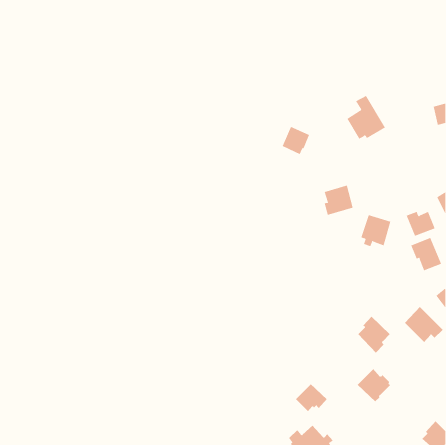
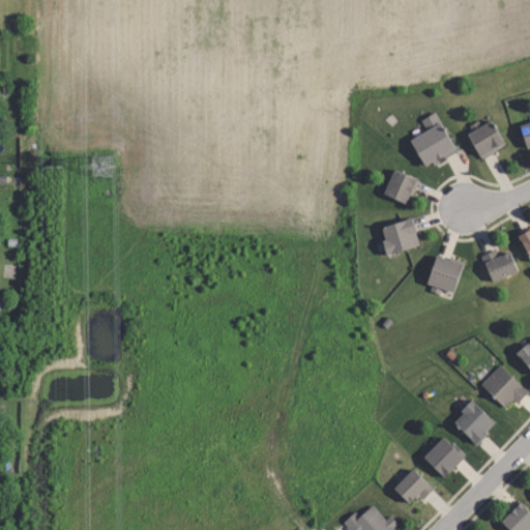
building: none -> [469,121,505,159]
building: [282,126,310,155] -> [384,170,417,204]
building: [410,237,442,271] -> none
building: [357,316,391,353] -> [457,401,496,445]
building: [295,383,328,412] -> [393,470,432,504]

